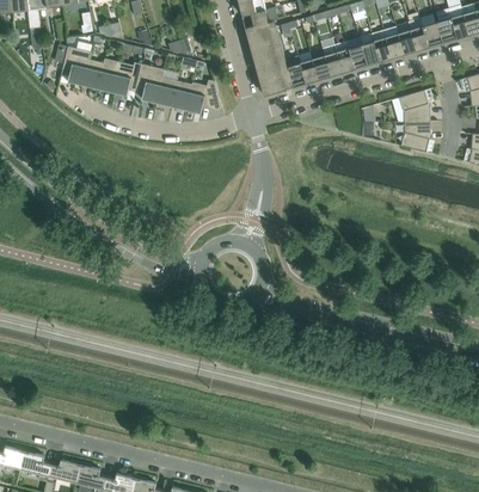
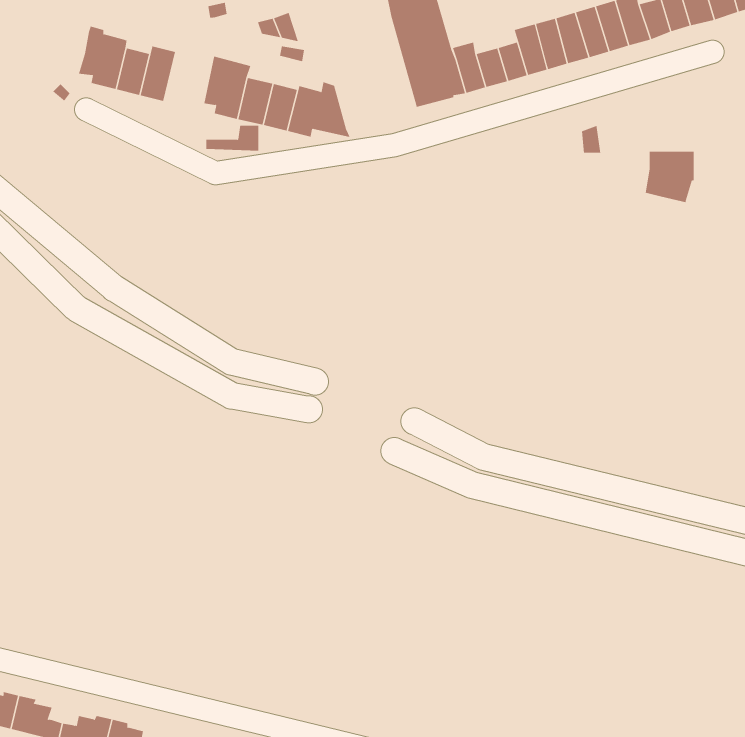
building: [112,62,142,97] -> none
building: [400,91,431,122] -> none

